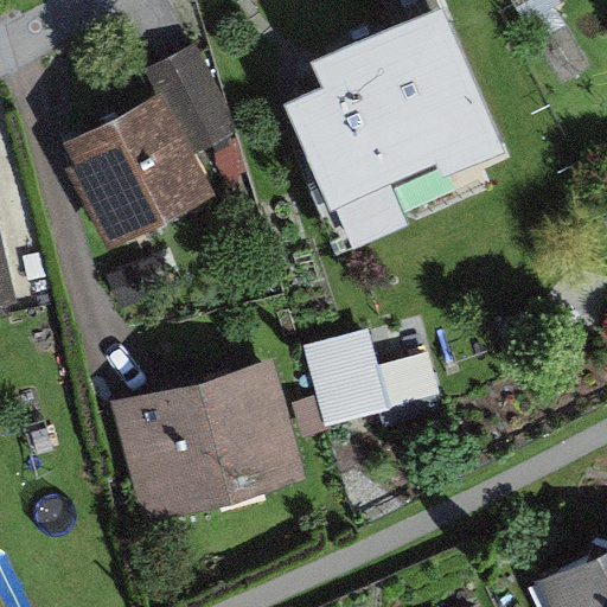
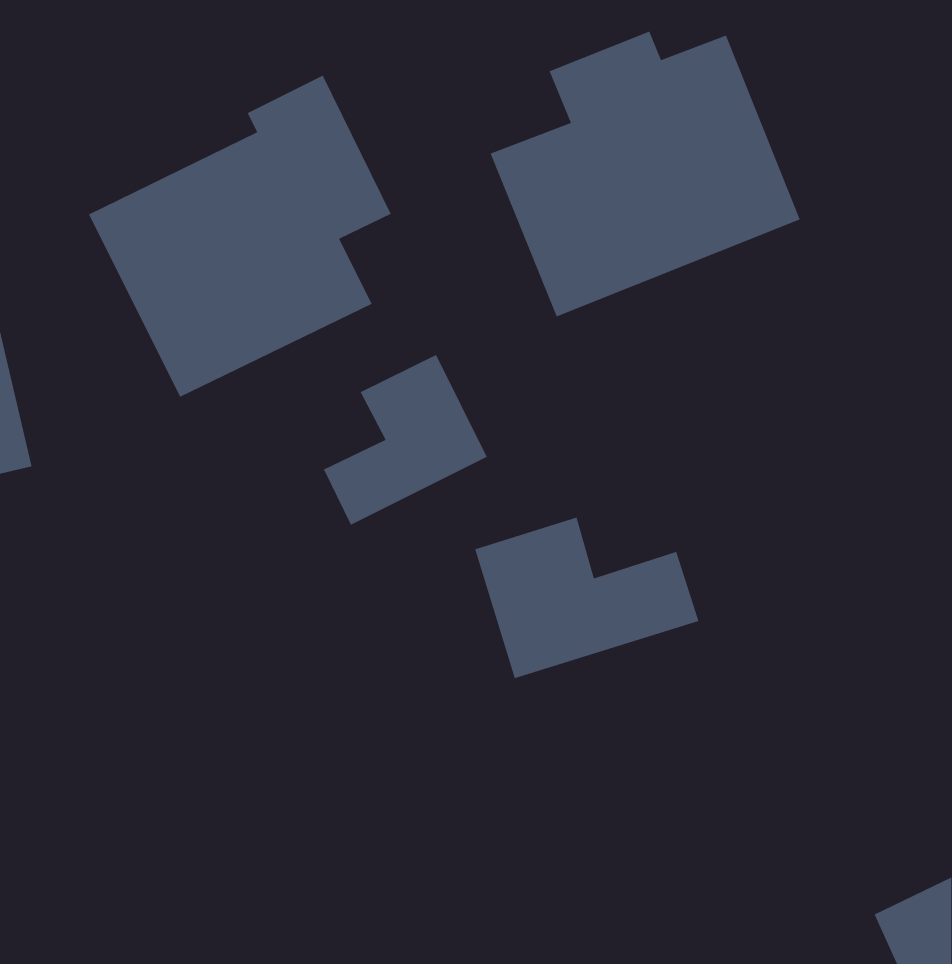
building: none -> [323,354,488,526]
building: [113,360,306,522] -> none

